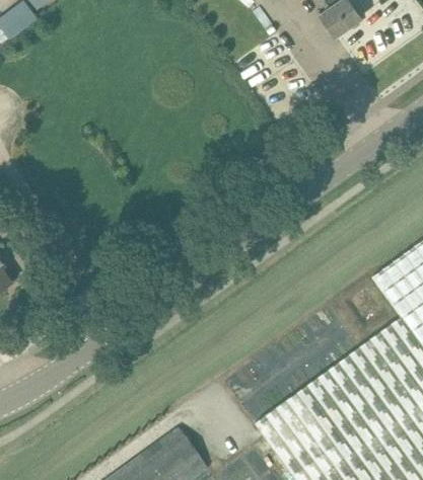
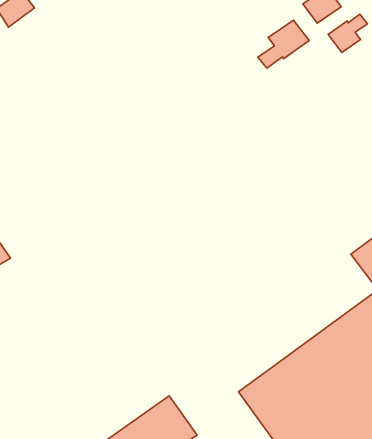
building: none -> [328,14,368,53]
building: none -> [258,20,309,68]

